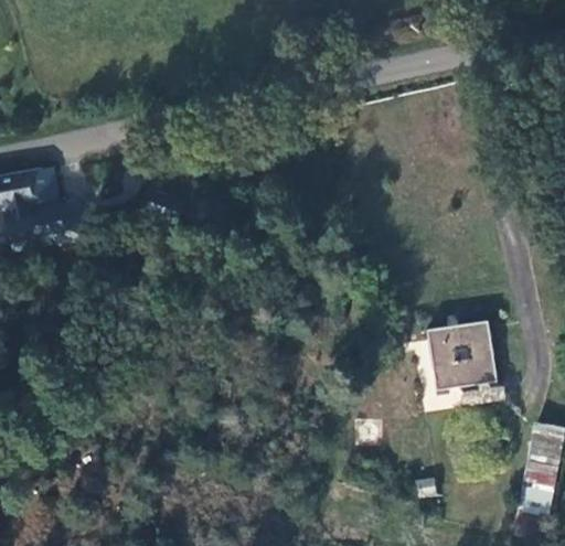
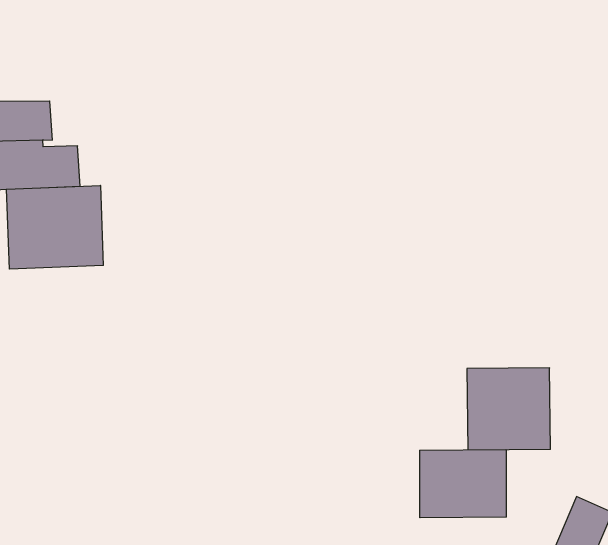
building: none -> [6,185,103,269]
building: none -> [420,450,506,518]

